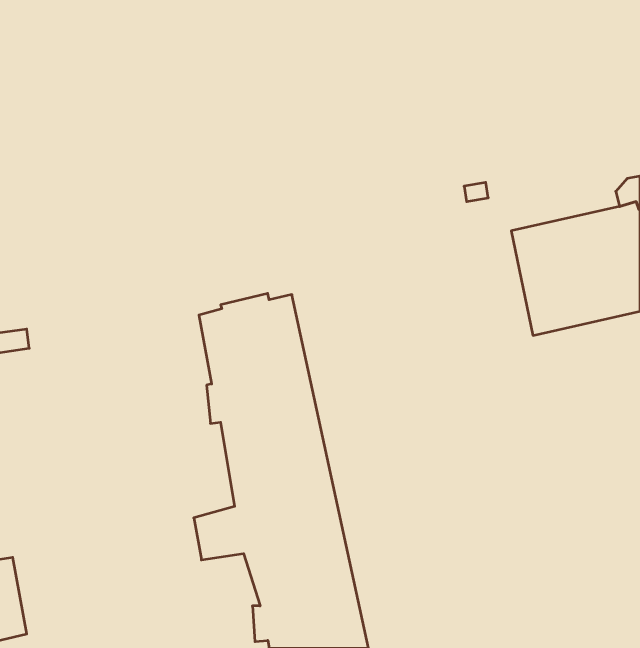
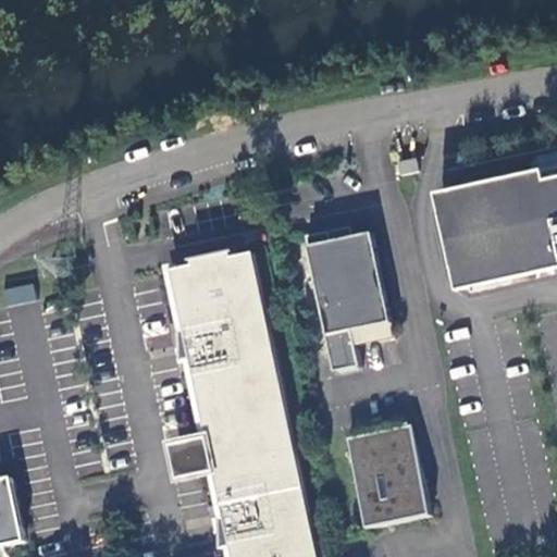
building: none -> [301,228,384,369]
building: none -> [345,422,428,525]

